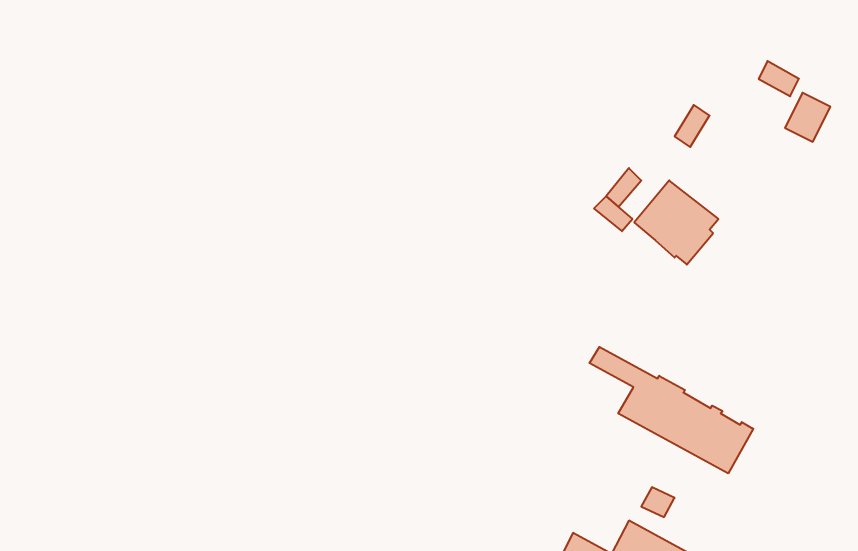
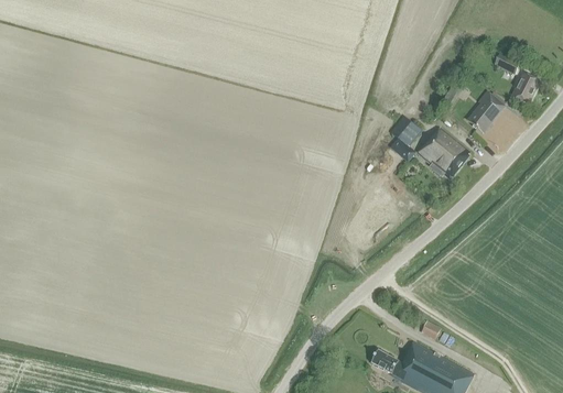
building: none -> [468,91,505,132]
building: [589,347,753,473] -> none

